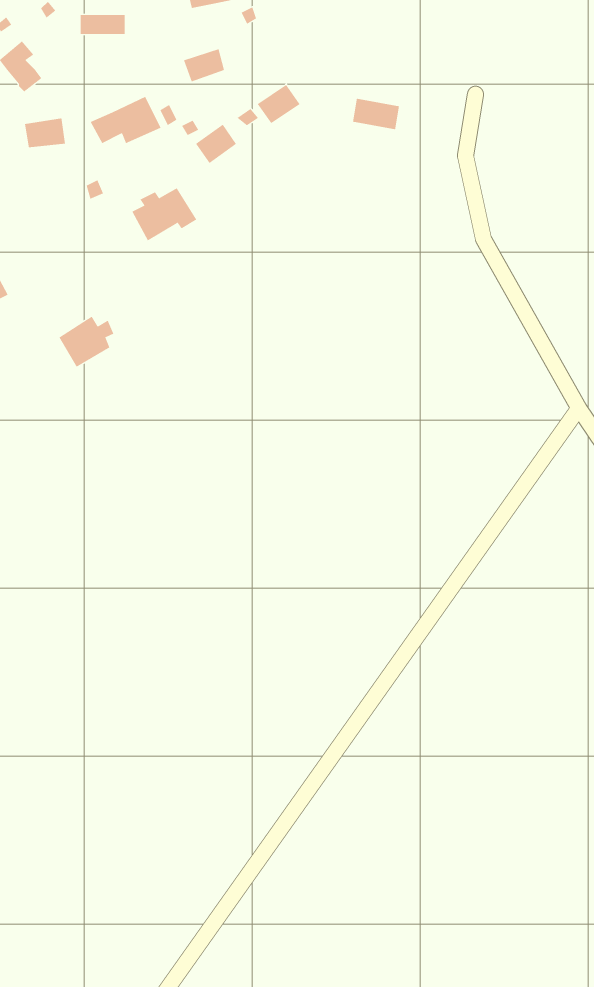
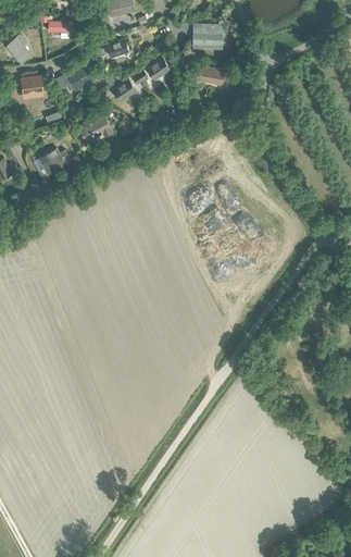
building: none -> [192,24,217,47]
building: [58,316,114,367] -> [38,148,68,176]

